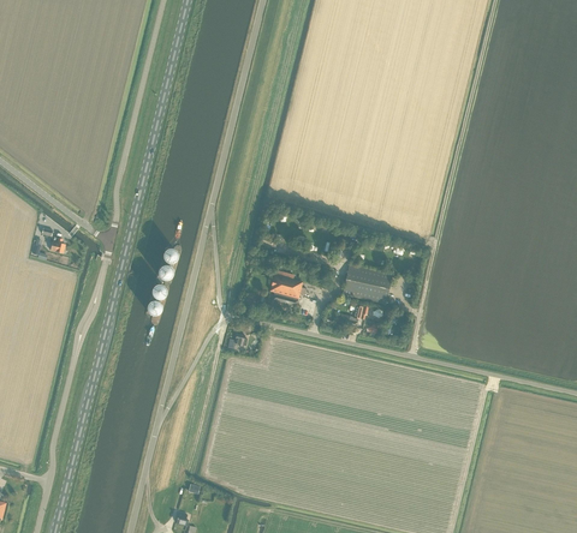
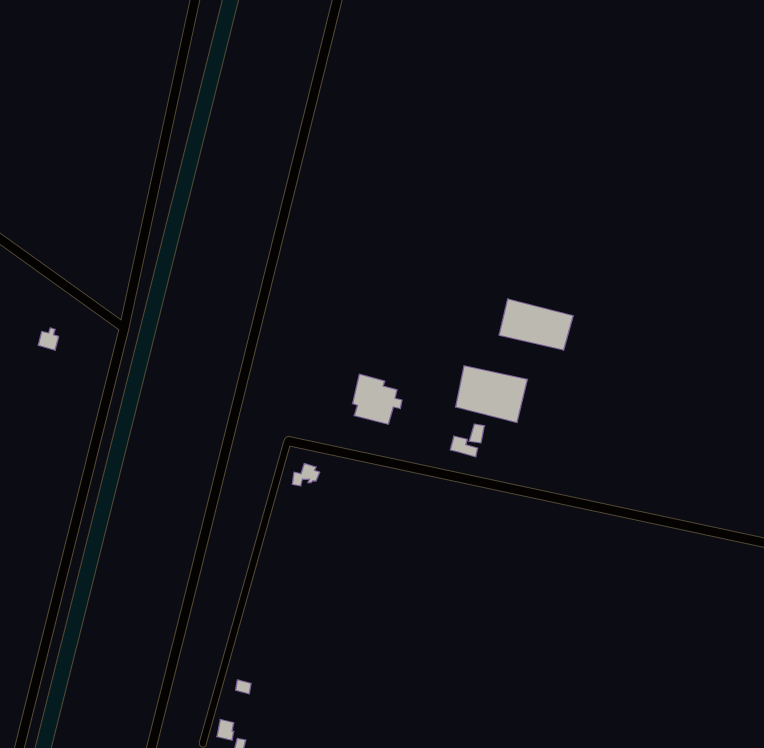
building: none -> [499,299,573,350]

